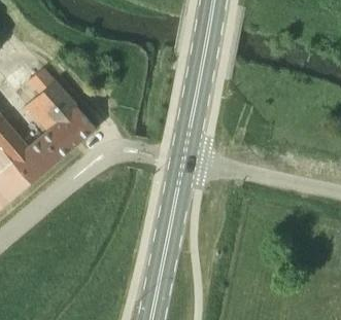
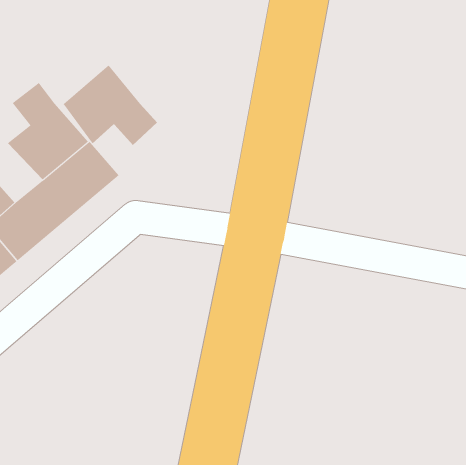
building: none -> [63,64,158,146]

